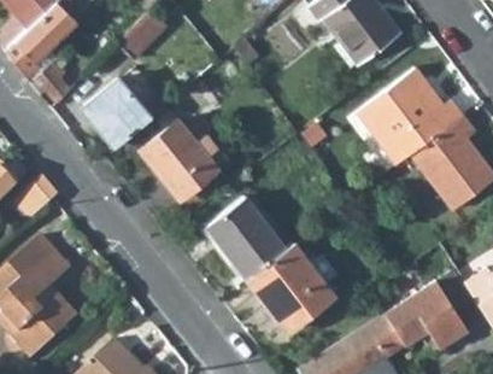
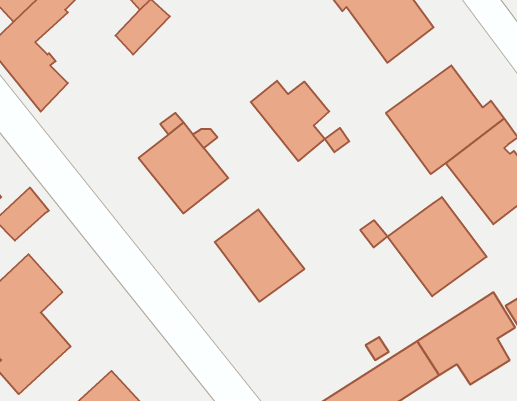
building: [82,77,174,146] -> none
building: none -> [251,81,329,161]
building: [246,242,334,331] -> [387,197,487,296]

